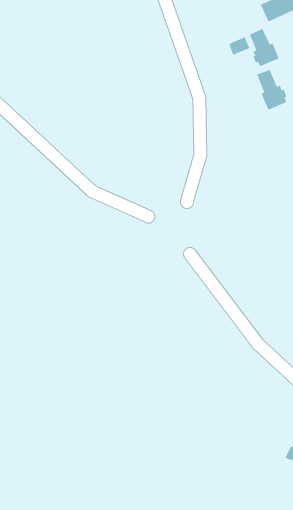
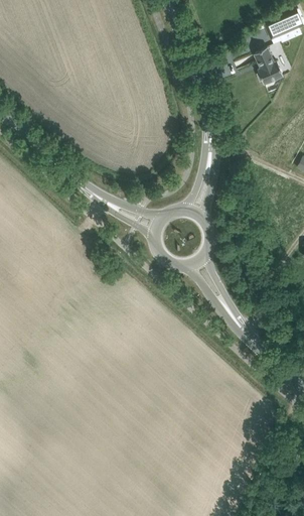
building: [257,69,287,111] -> none

